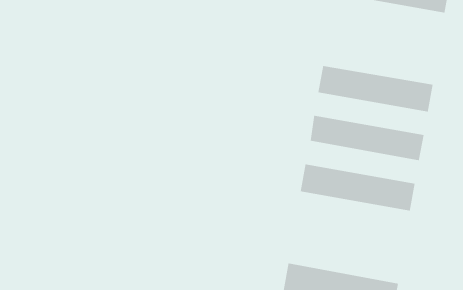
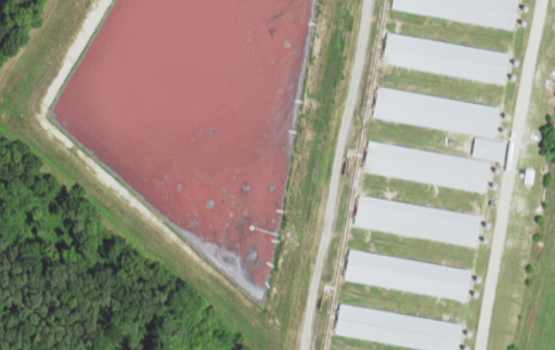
building: none -> [383,33,508,85]
building: none -> [473,139,505,161]
building: none -> [345,250,470,301]

